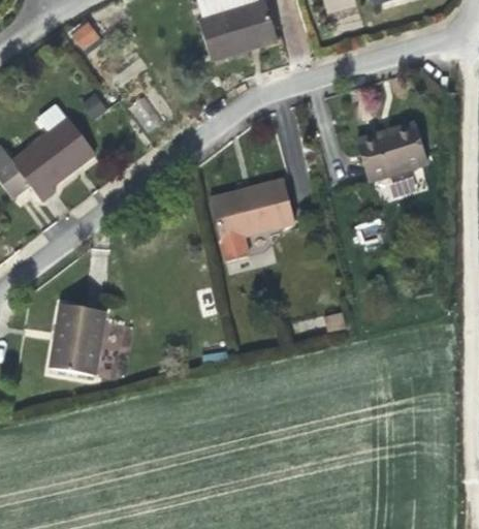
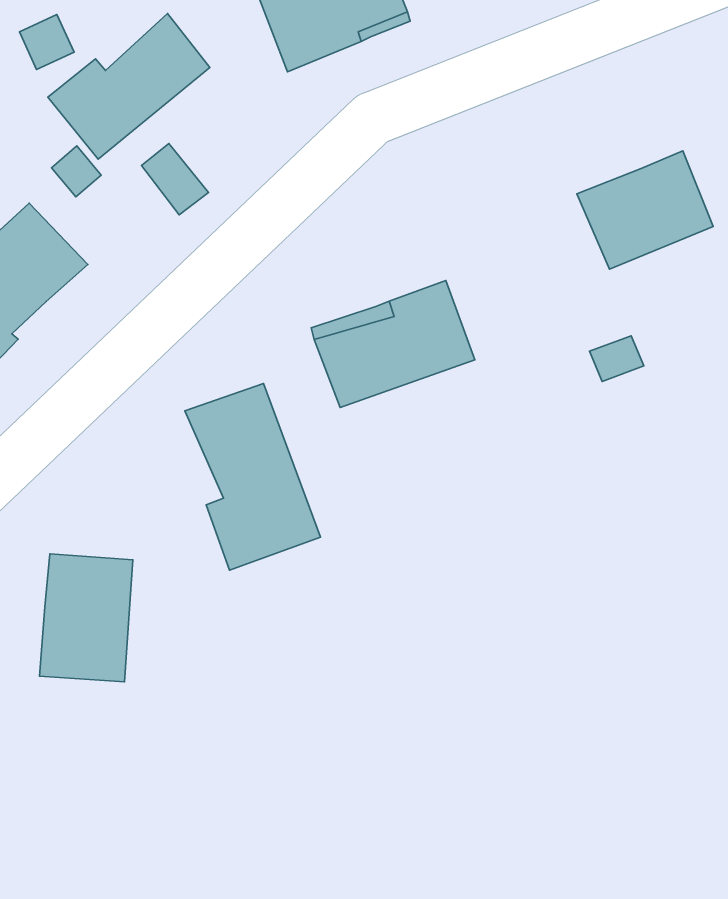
building: none -> [48,14,210,159]
building: none -> [185,384,320,570]

